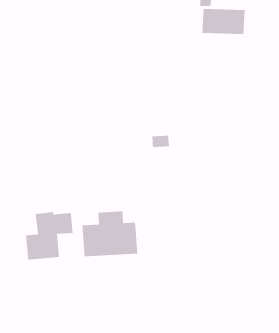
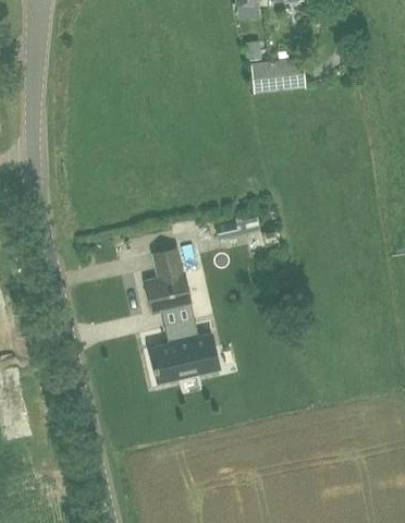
building: [25,211,74,261] -> [144,244,201,311]

